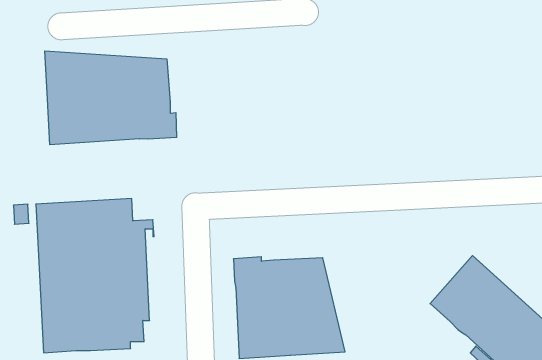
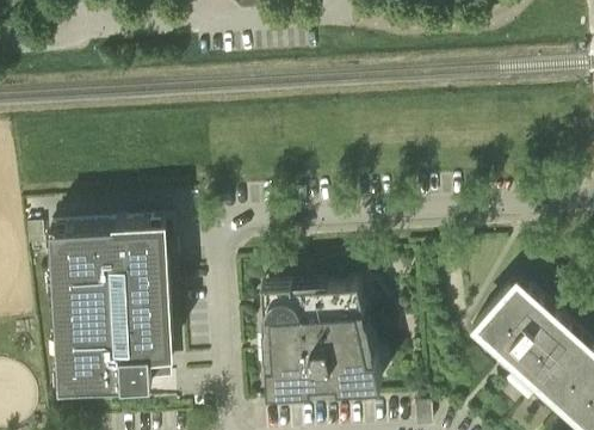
building: [45,51,177,145] -> none

